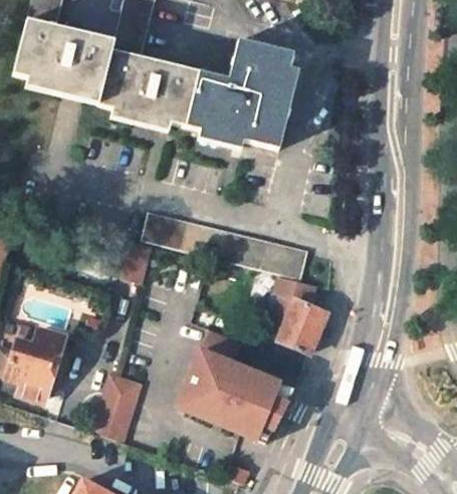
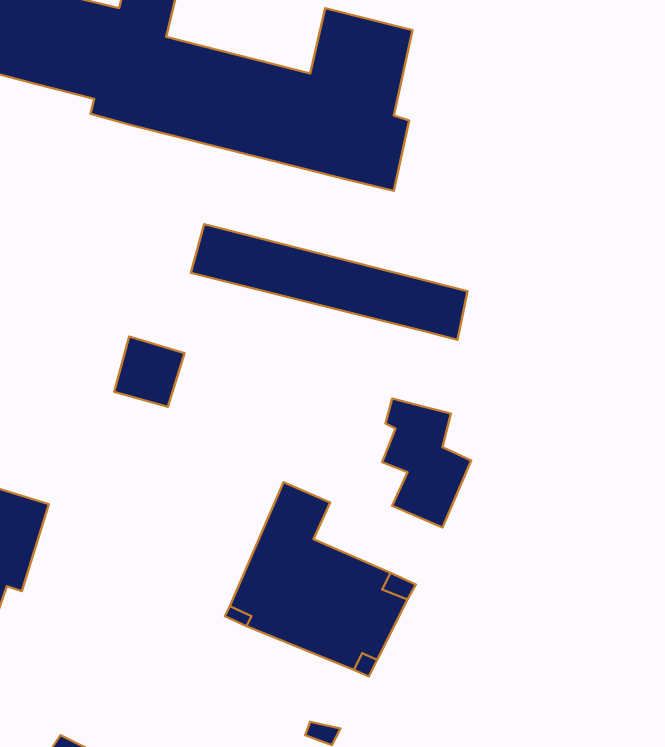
building: [137,211,302,280] -> [191,224,467,340]
building: [90,373,141,441] -> none

